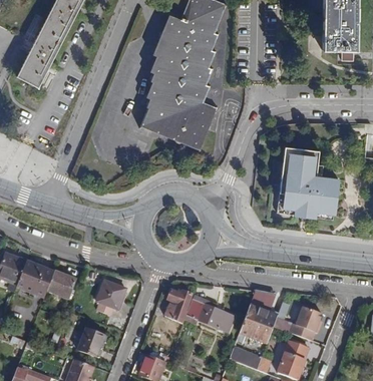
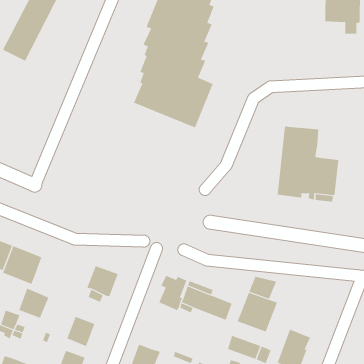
building: [47,270,76,299] -> [18,288,49,319]
building: [295,306,322,333] -> none

